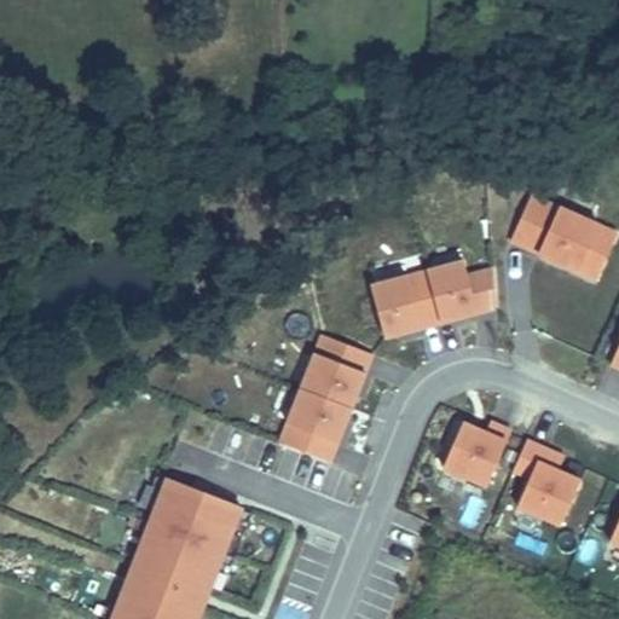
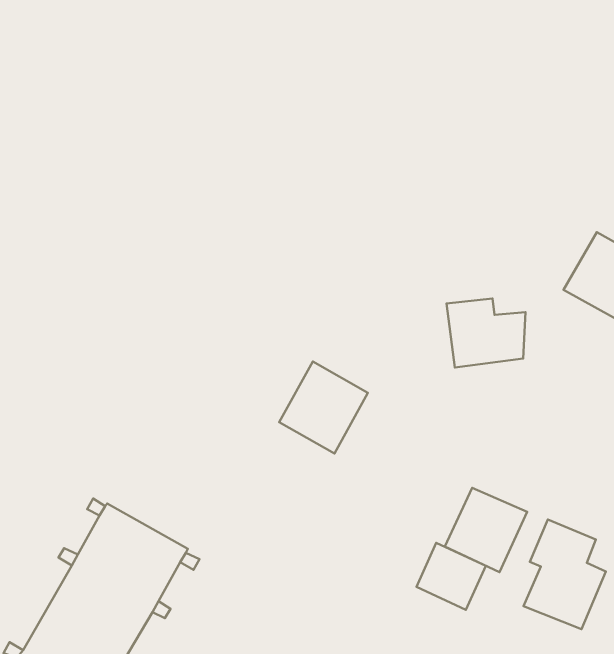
building: [366,272,436,339] -> none
building: [276,391,347,464] -> none
building: none -> [416,543,486,610]

